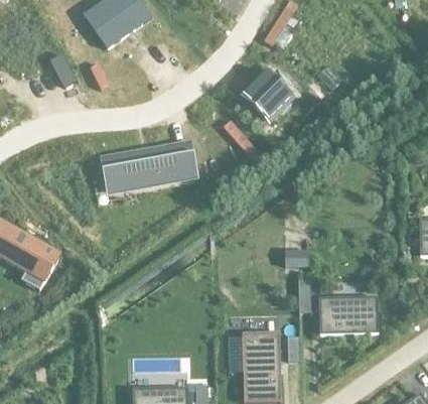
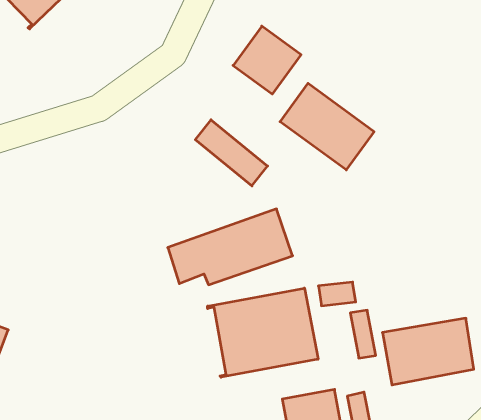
building: none -> [280,83,374,170]
building: [109,141,194,186] -> [168,209,293,285]
building: none -> [208,288,318,377]

